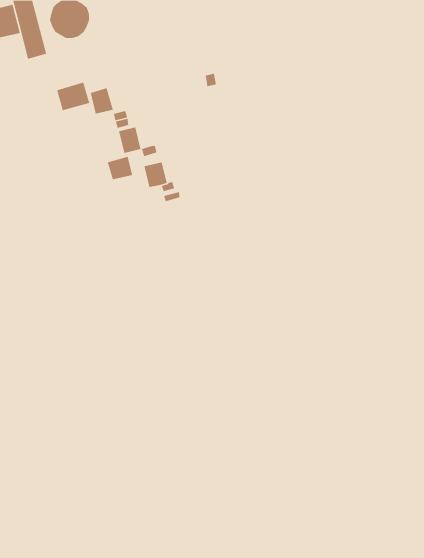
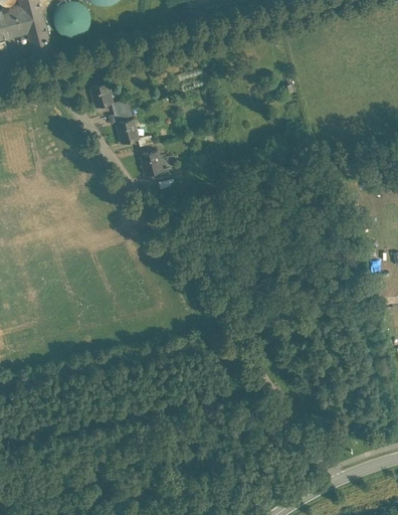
building: [56,81,90,111] -> none
building: [107,156,133,180] -> none

